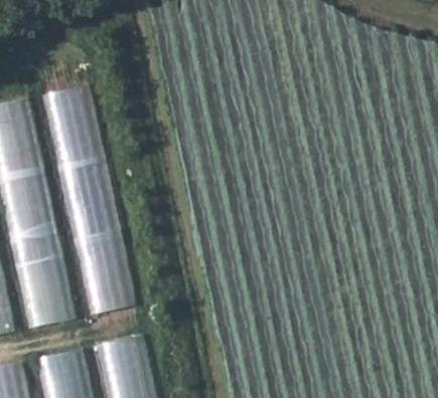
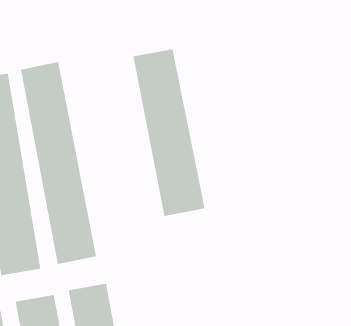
building: none -> [133,48,205,217]

